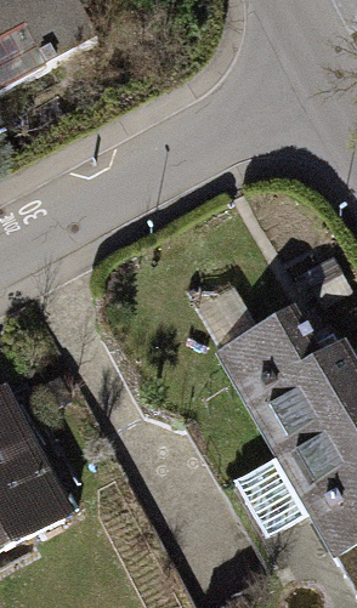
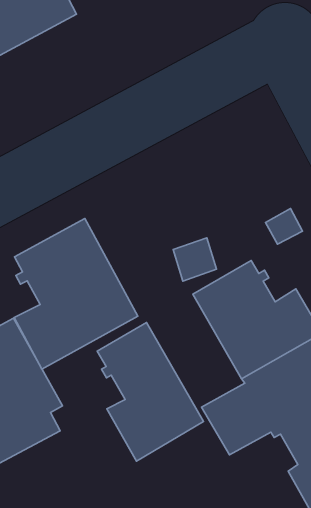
building: none -> [14,218,138,369]
building: none -> [97,323,203,461]

